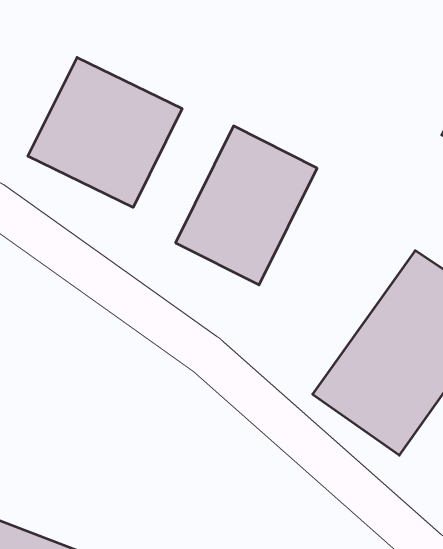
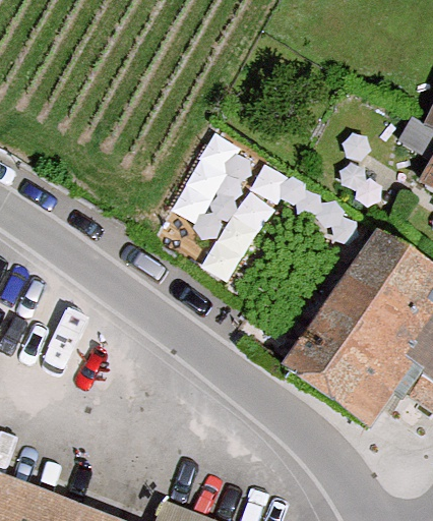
building: [28,57,182,207] -> none

